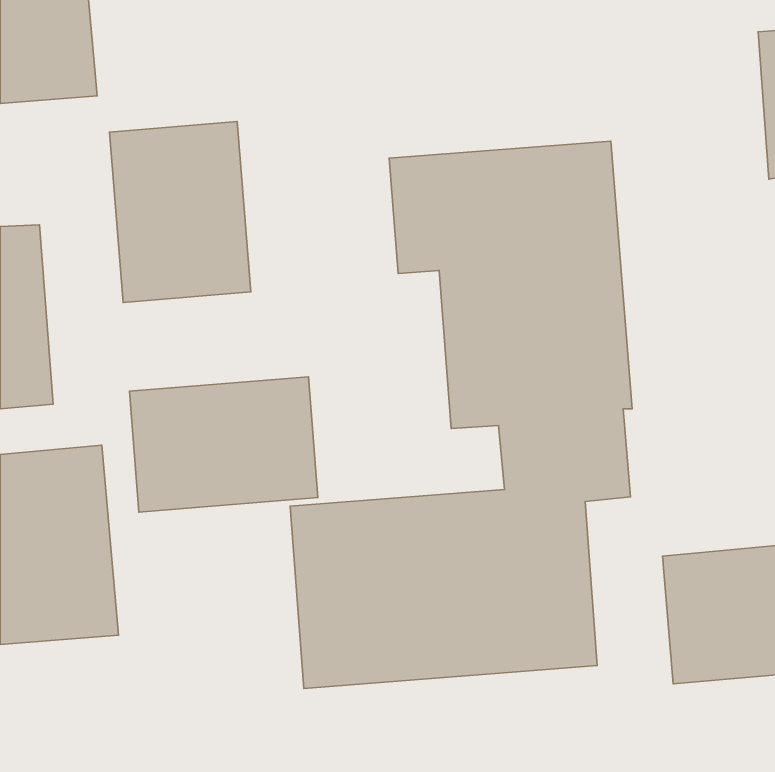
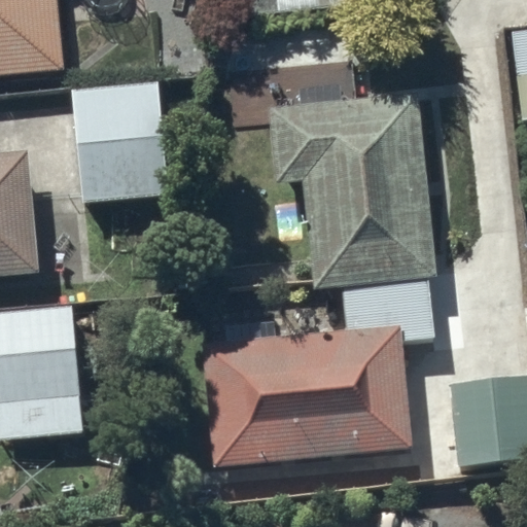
building: [130,377,318,512] -> none

